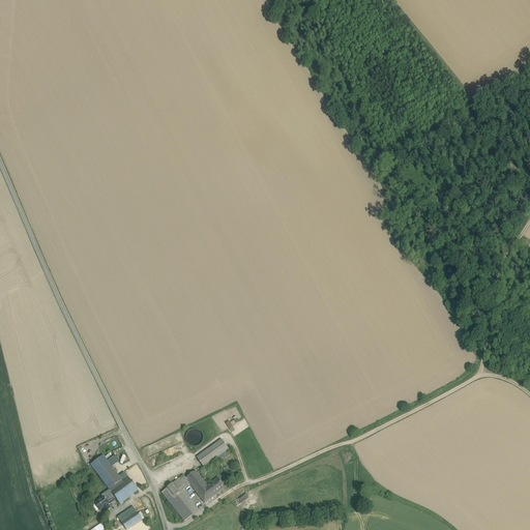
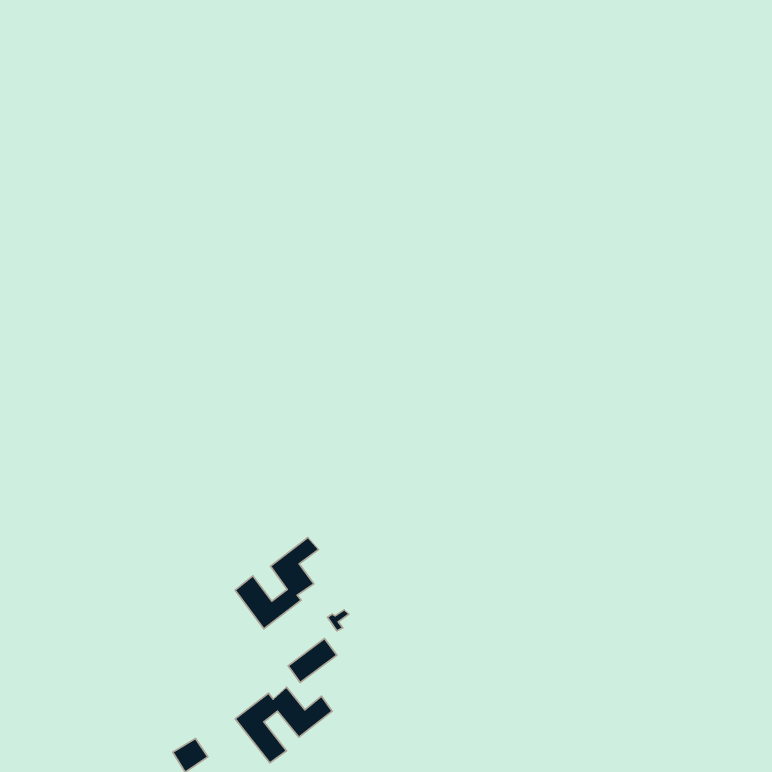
building: none -> [235,538,318,629]
building: [90,452,140,509] -> none

